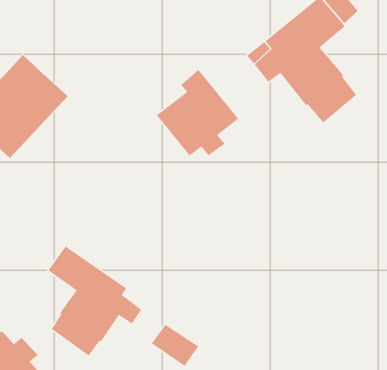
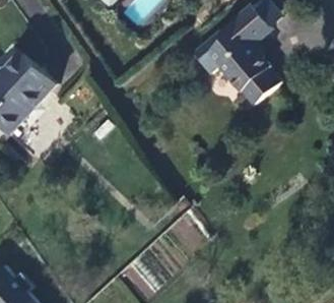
building: [156,69,239,157] -> none
building: [48,245,142,356] -> none

